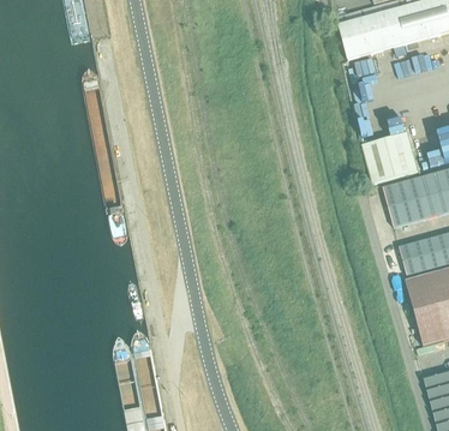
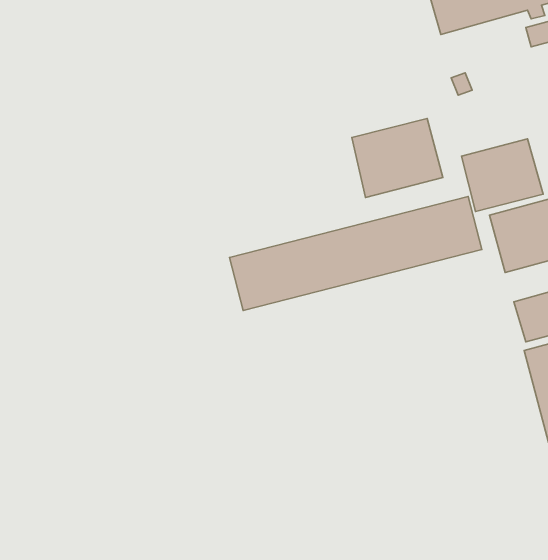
building: none -> [352,119,443,197]
building: none -> [230,196,482,311]

